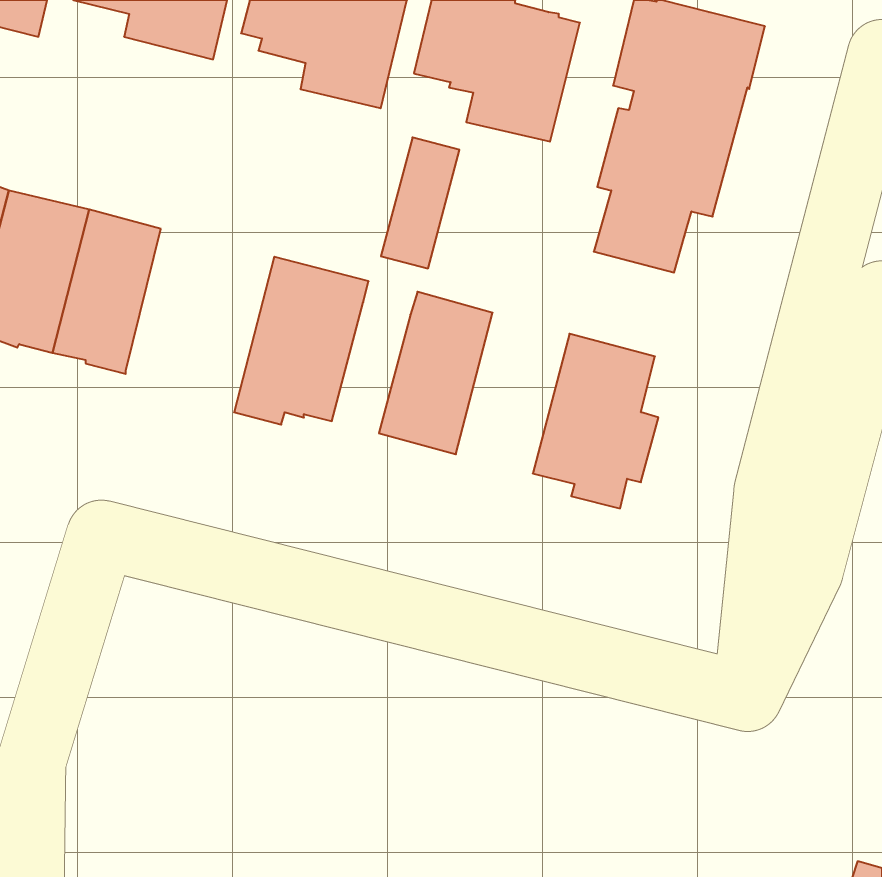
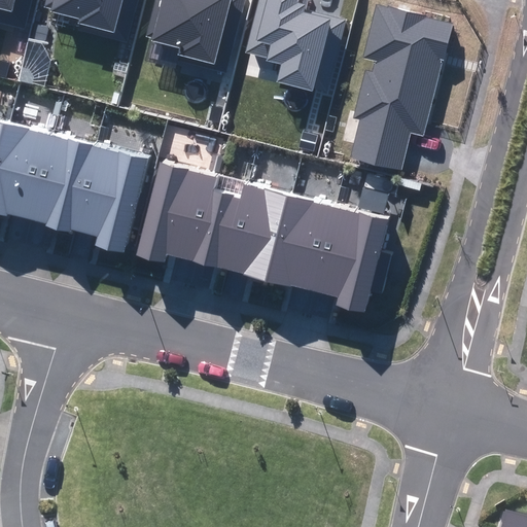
building: [381,137,459,268] -> [196,187,242,265]
building: none -> [74,144,148,249]
building: none -> [269,194,336,288]

